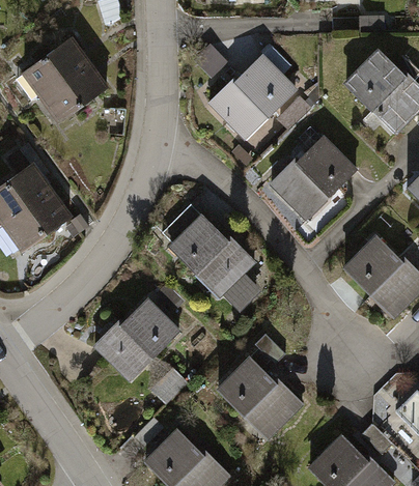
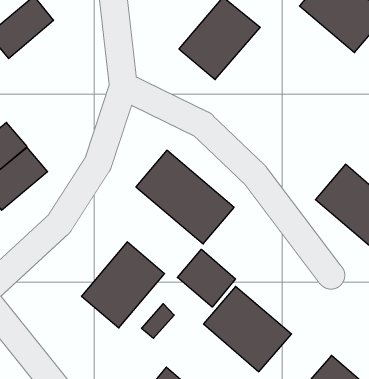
building: [41,67,110,128] -> none
building: [271,136,355,220] -> none
building: none -> [177,249,236,307]

